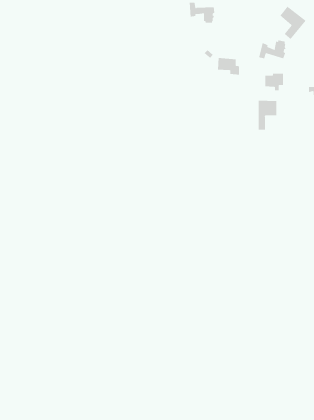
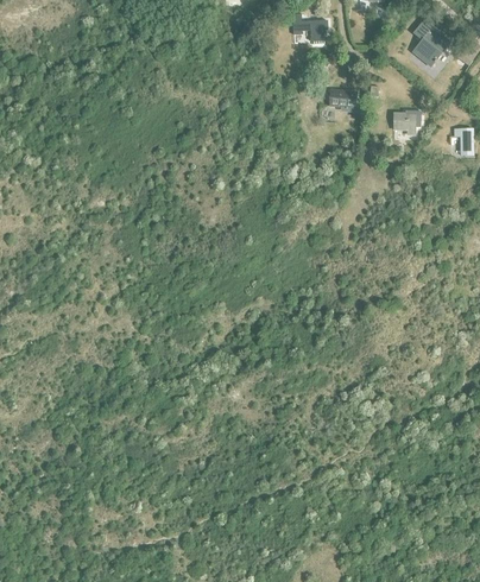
building: [259,39,286,59] -> none
building: [258,100,277,130] -> none

